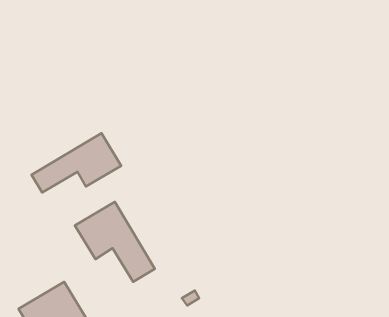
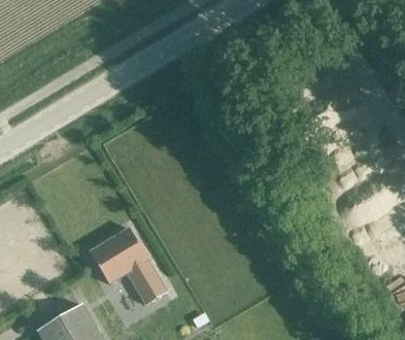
building: [32,133,121,193] -> none

